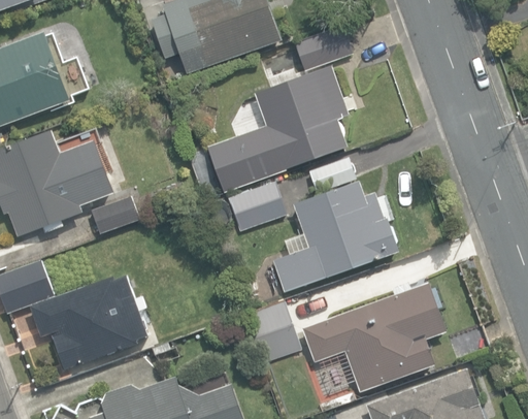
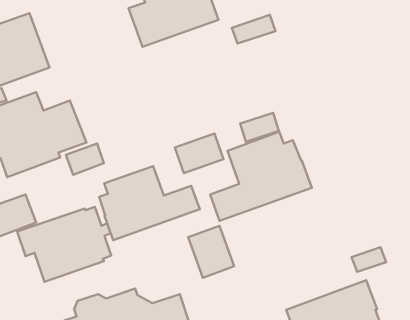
building: [207,65,349,192] -> none
building: none -> [99,166,200,240]
building: [300,282,446,391] -> none

